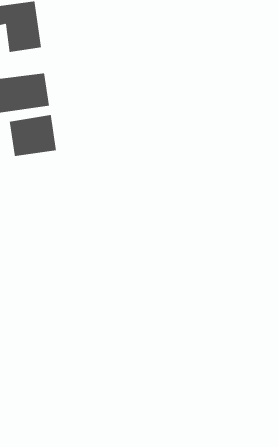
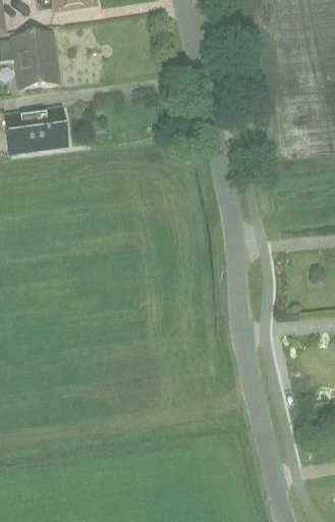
building: [9,114,56,157] -> none

